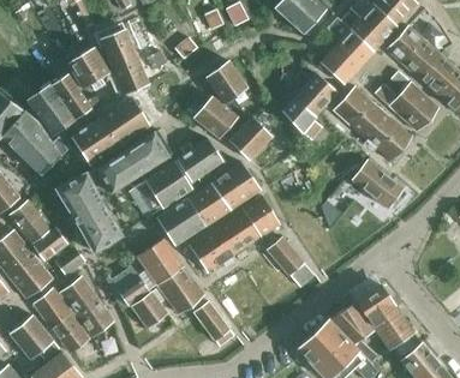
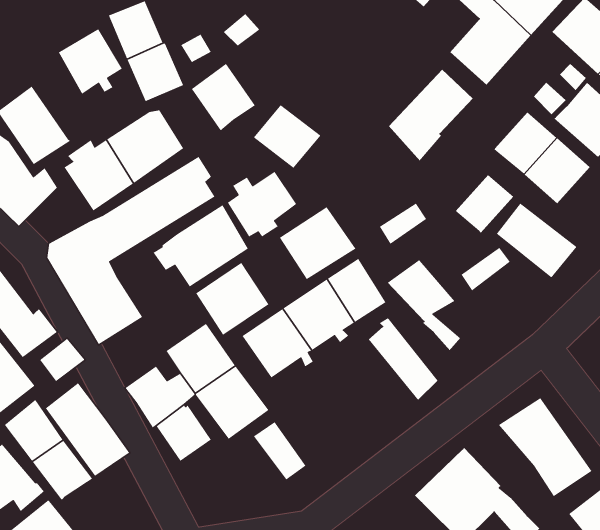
building: [205,60,247,104] -> [191,63,256,132]
building: [50,73,101,119] -> none
building: [333,86,371,125] -> [455,174,514,233]
building: [229,116,271,161] -> none
building: [186,182,228,226] -> none
building: [330,302,378,362] -> [387,258,461,351]

